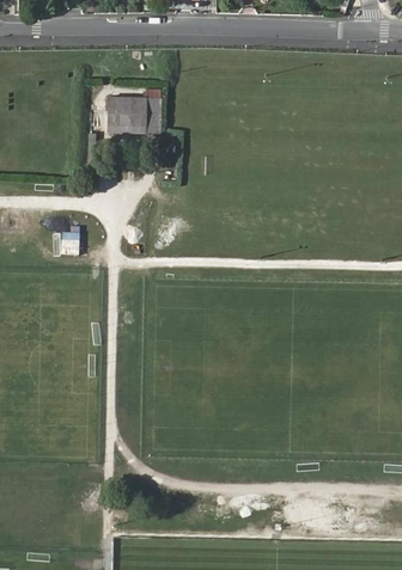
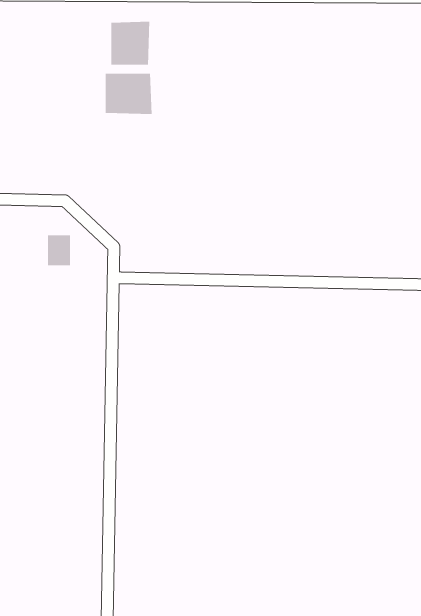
building: none -> [111,21,150,66]

